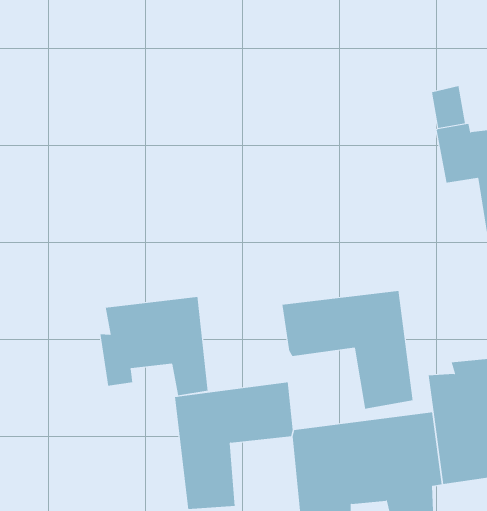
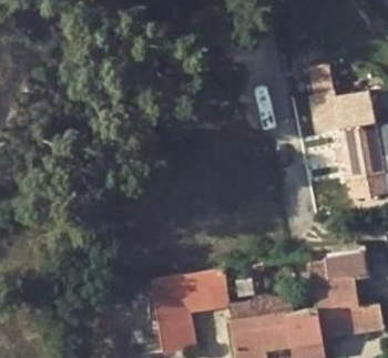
building: [282,290,413,409] -> none
building: [100,296,208,396] -> none

